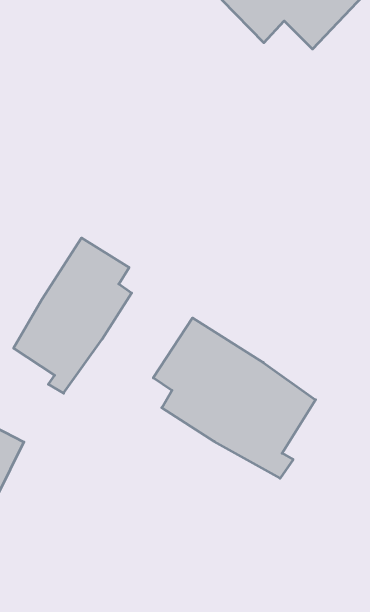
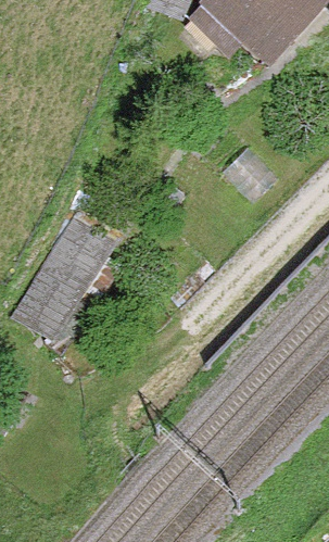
building: [153,318,316,478] -> none

